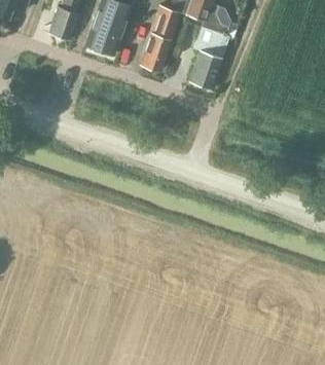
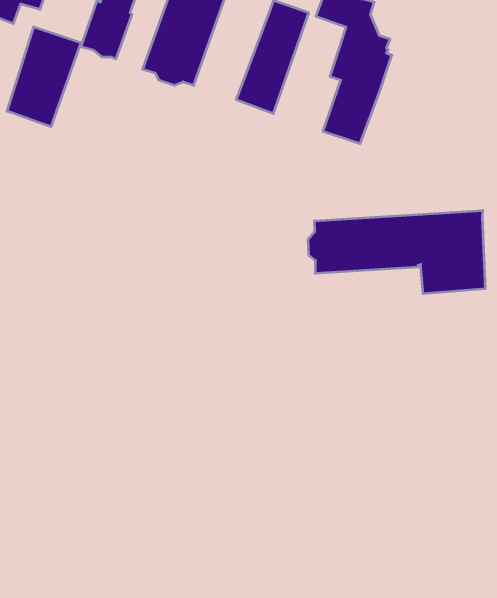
building: none -> [7,27,81,127]
building: none -> [308,210,485,294]

